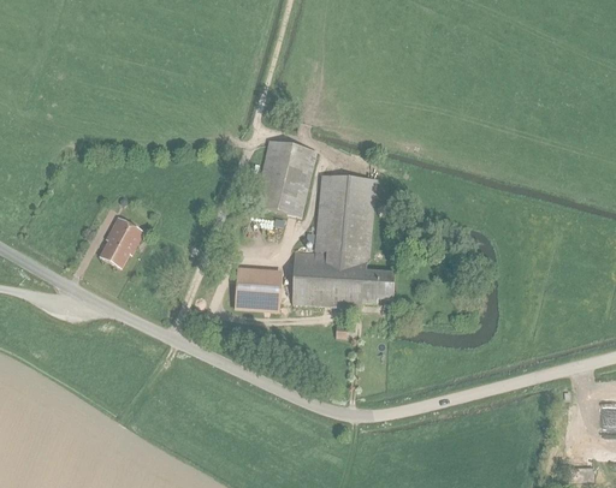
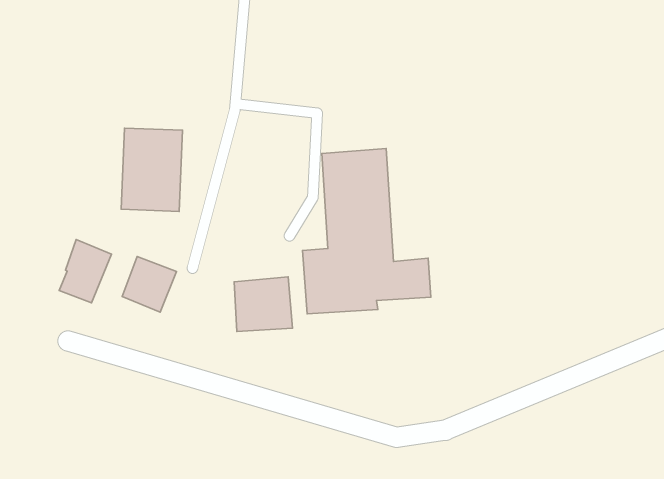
building: [257,141,315,213] -> [121,128,183,211]
building: none -> [122,257,177,312]

